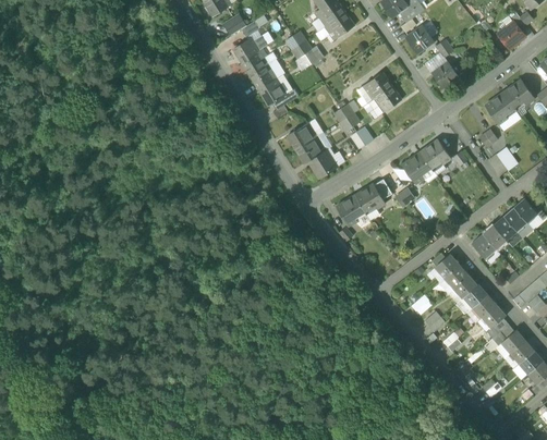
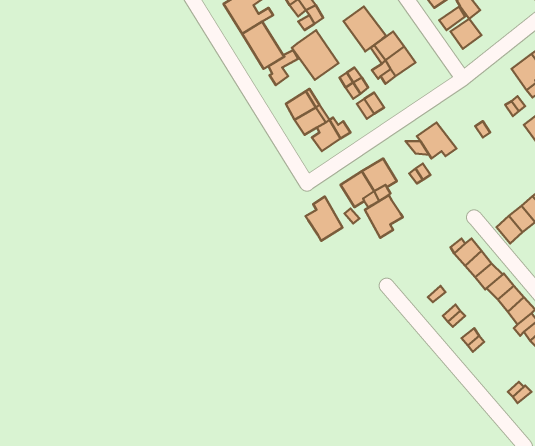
building: none -> [344,6,386,52]
building: none -> [292,30,338,80]
building: [420,139,451,175] -> none
building: none -> [365,195,403,238]
building: none -> [305,197,342,241]

